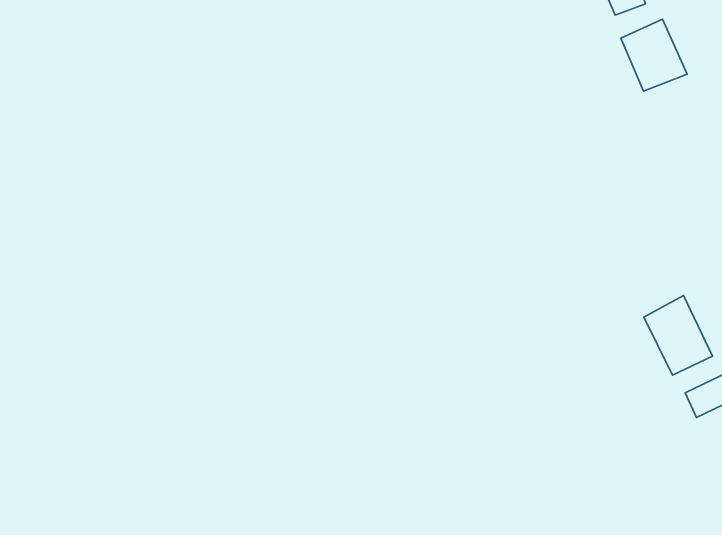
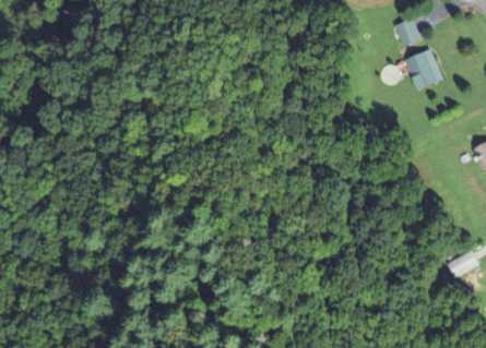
building: [644,295,713,375] -> none

